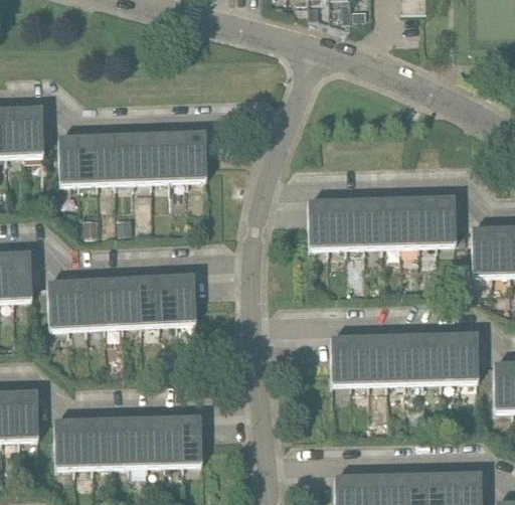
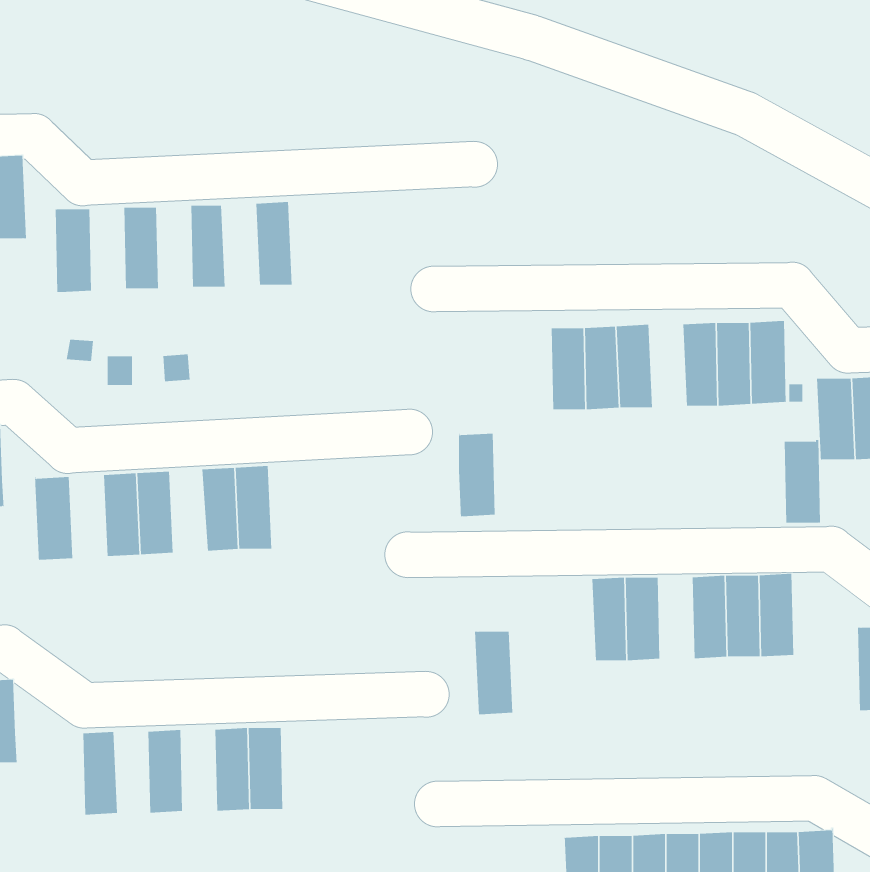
building: [186,132,207,178] -> none
building: [150,134,170,179] -> none
building: [115,135,134,180] -> none
building: [78,136,98,181] -> none
building: [381,199,401,244] -> none
building: [309,201,329,247] -> [458,433,495,519]
building: [175,275,196,321] -> none
building: [122,278,142,323] -> none
building: [67,281,88,326] -> none
building: [459,333,479,378] -> [784,439,821,523]
building: [386,336,405,380] -> none
building: [331,337,352,382] -> [474,631,513,715]
building: [182,416,202,462] -> none
building: [128,418,147,463] -> none
building: [92,419,111,464] -> none
building: [54,420,75,466] -> none

